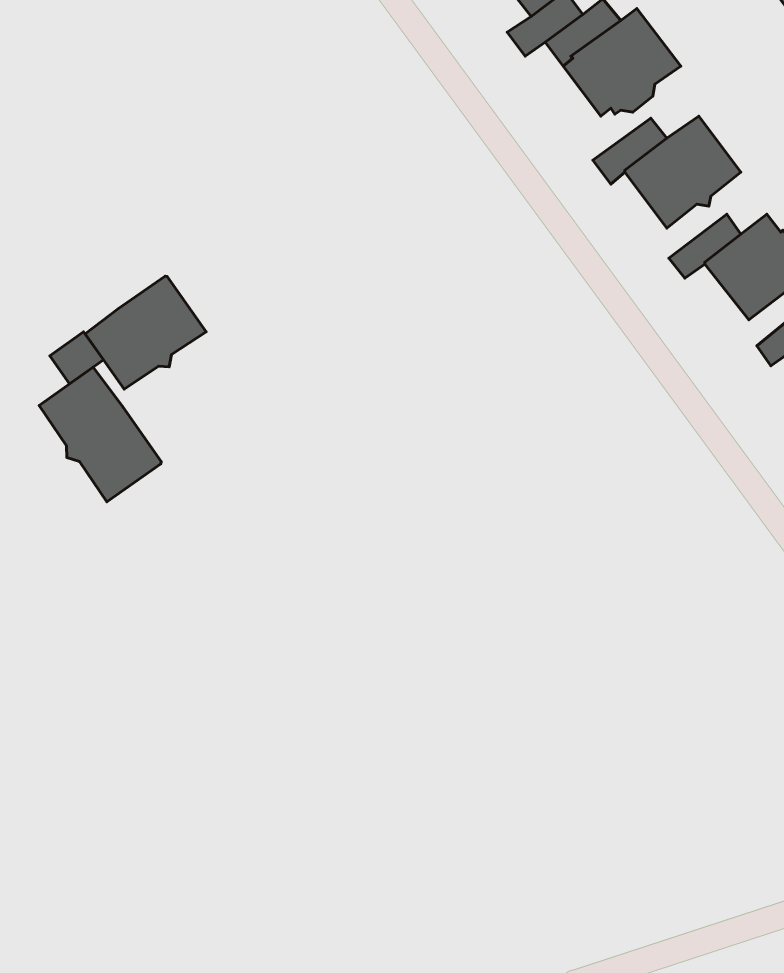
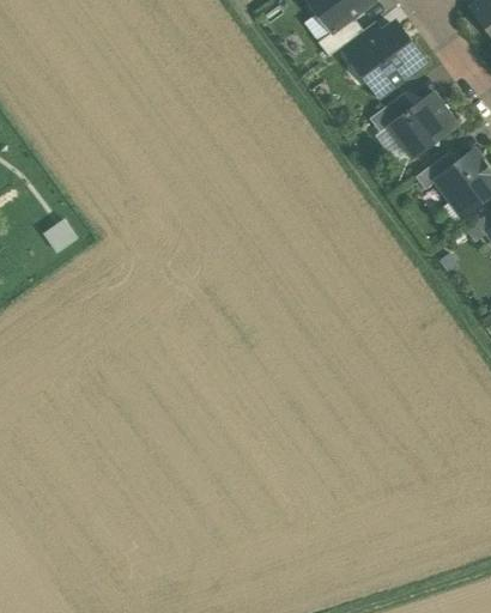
building: [85,276,206,389] -> none
building: [39,367,161,502] -> none

